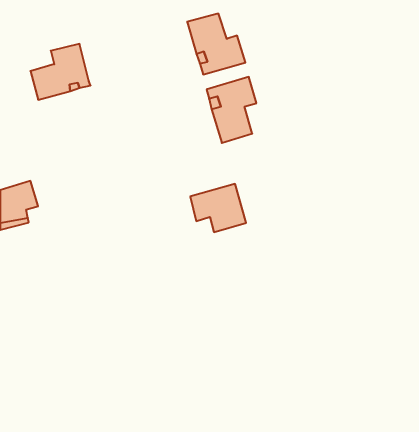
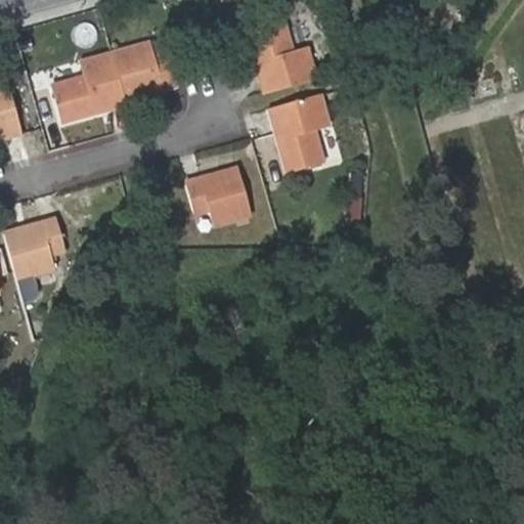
building: none -> [113,43,179,98]
building: [190,184,246,232] -> [181,167,249,225]

